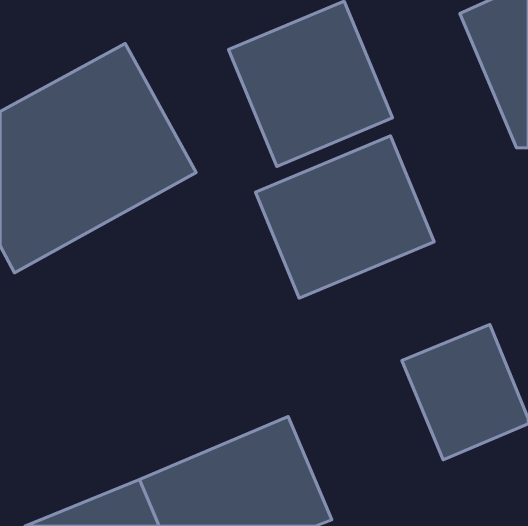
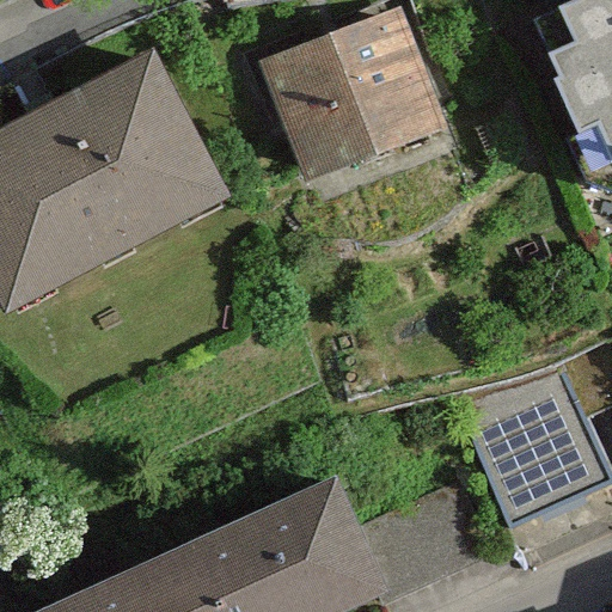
building: [255,136,434,298] -> none

